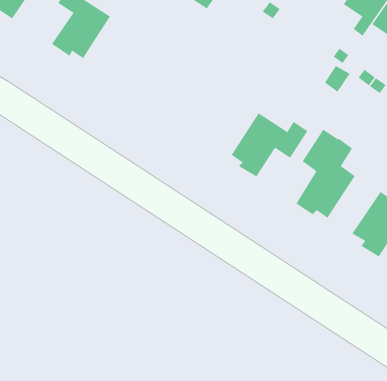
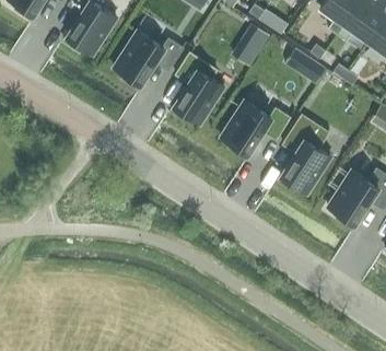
building: none -> [232,23,269,65]
building: none -> [114,31,182,89]
building: none -> [171,52,223,124]

